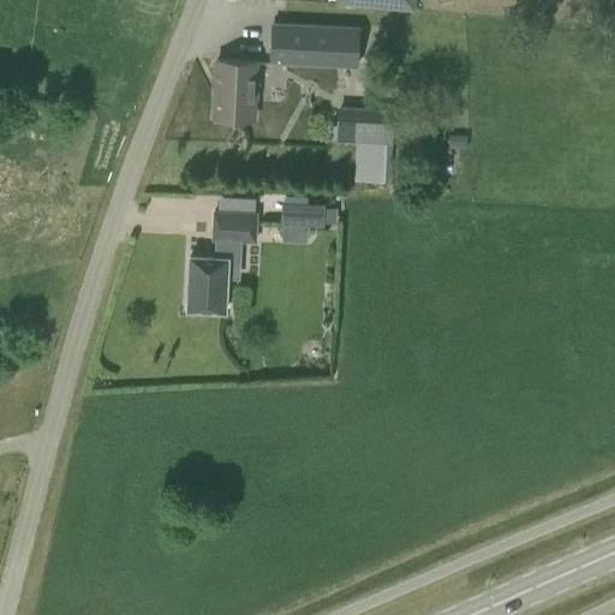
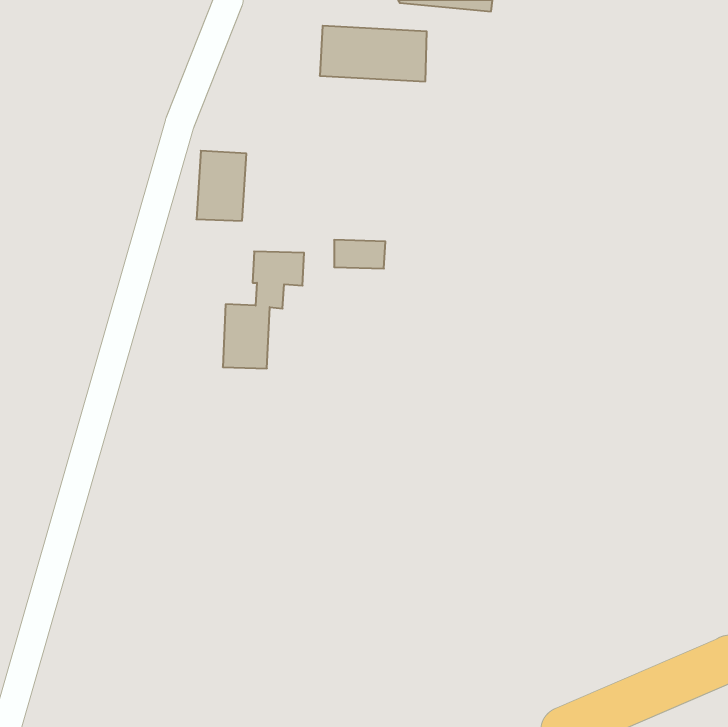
building: [215,61,257,120] -> [196,151,246,221]
building: [338,107,395,184] -> none

